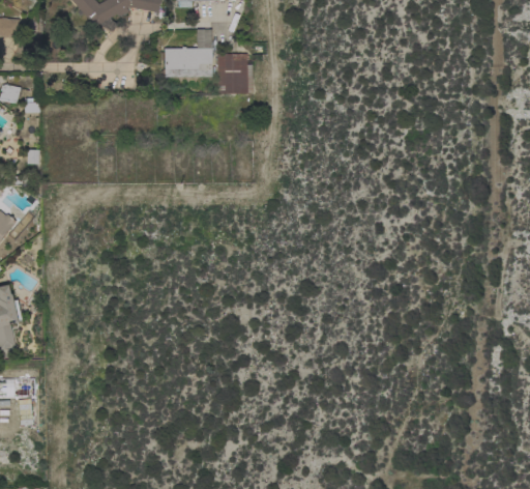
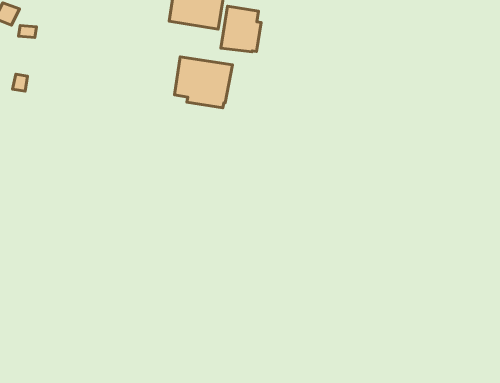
building: none -> [174,57,232,108]

